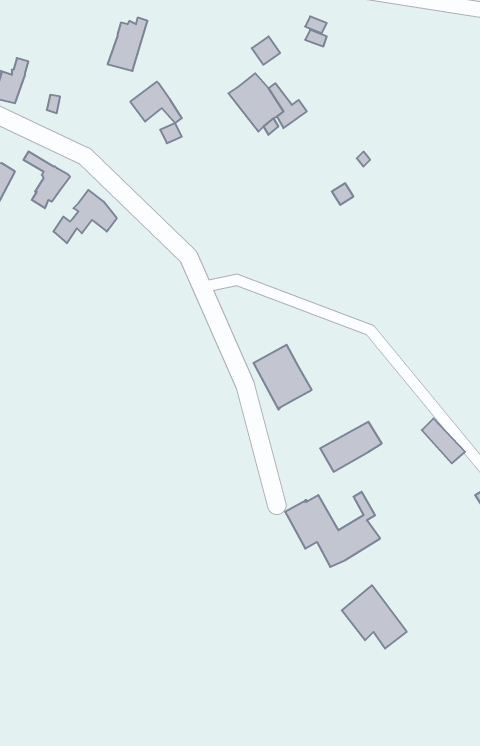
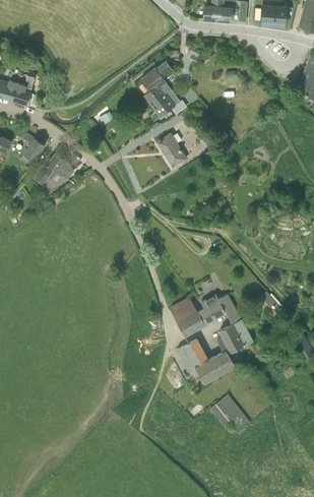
building: [108,18,148,71] -> [11,72,36,105]
building: [130,82,182,123] -> [138,66,170,91]
building: none -> [156,134,186,168]
building: [253,345,312,410] -> [170,298,205,337]
building: none -> [219,308,253,352]

